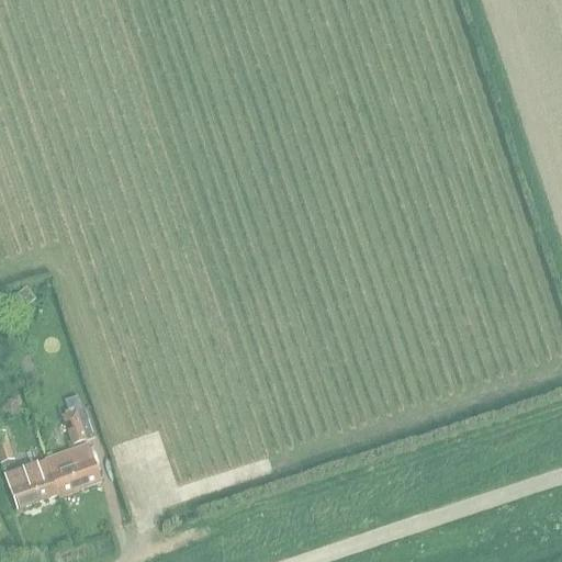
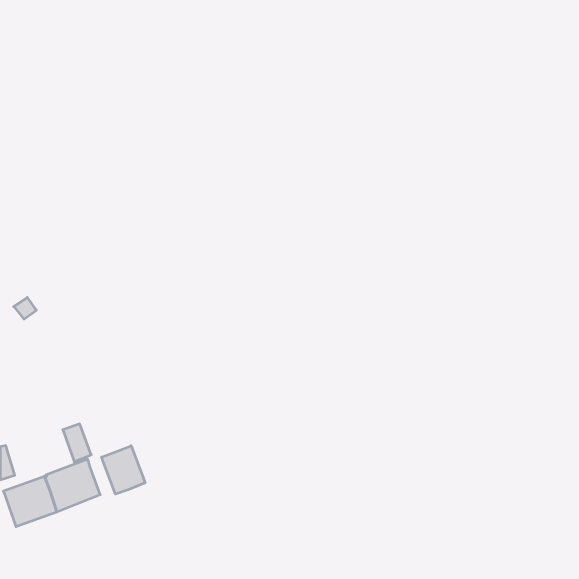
building: none -> [102,446,145,494]

